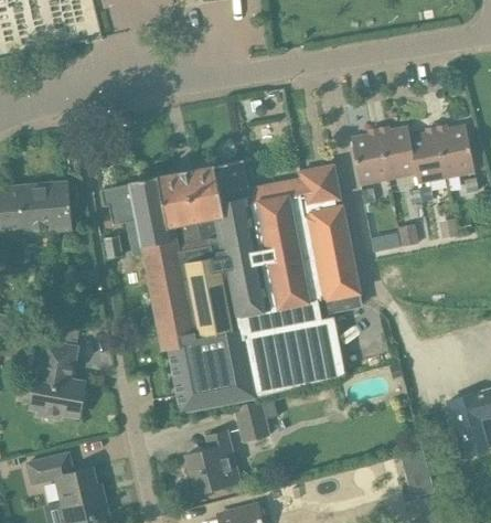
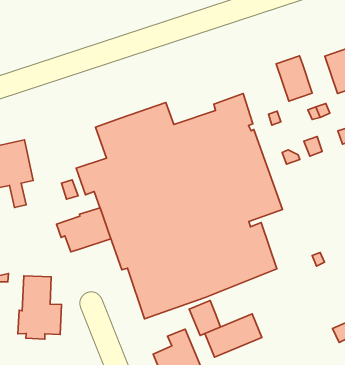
building: [409,131,446,183] -> none
building: [351,132,387,184] -> none
building: [100,178,162,225] -> [57,208,111,252]
building: none -> [205,314,262,357]

